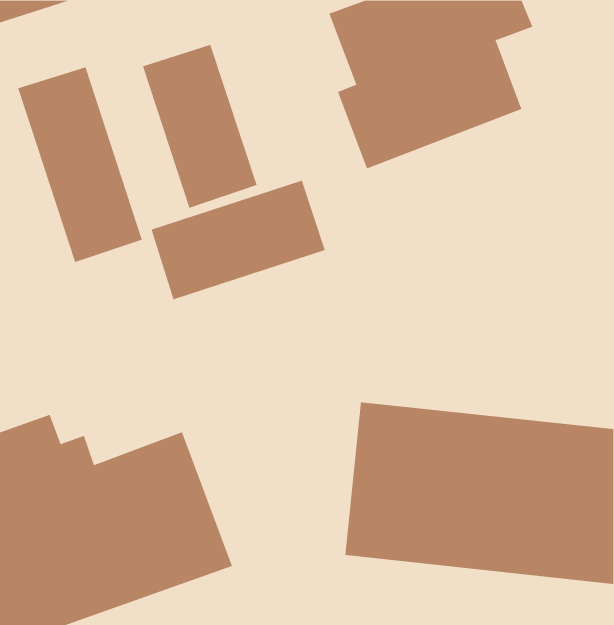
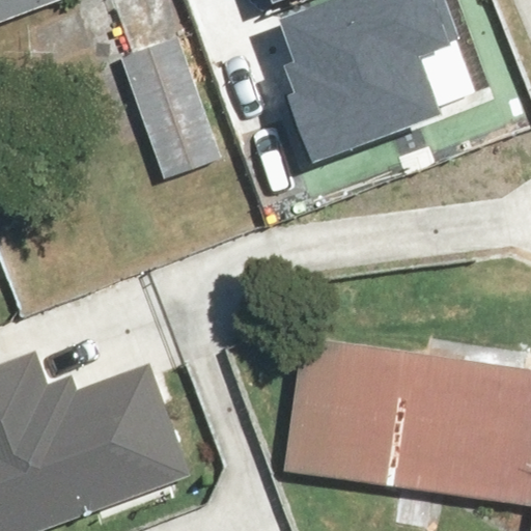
building: [17,66,142,263] -> none
building: [151,180,326,300] -> none

